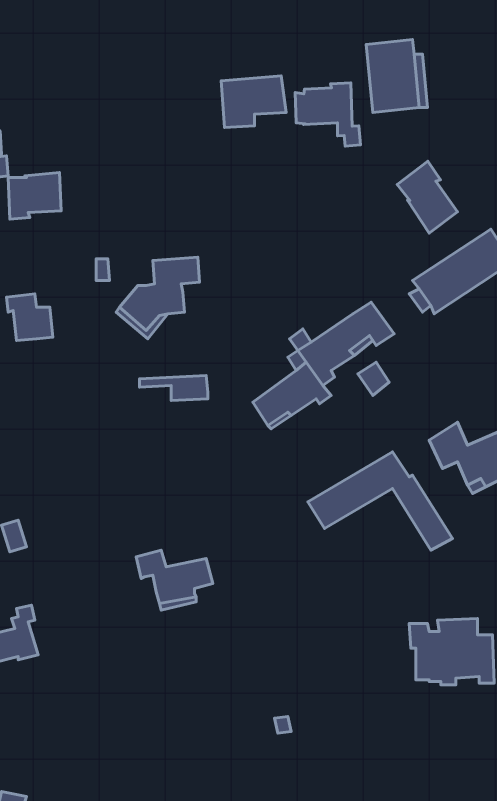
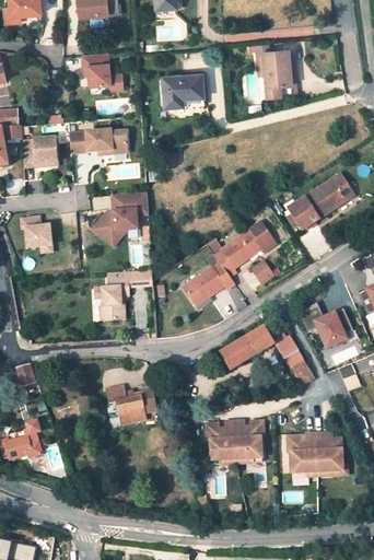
building: none -> [81,52,122,90]
building: [295,83,360,146] -> none
building: [397,161,458,233] -> none
building: none -> [69,130,128,155]
building: none -> [95,277,129,320]
building: none -> [206,420,264,463]

